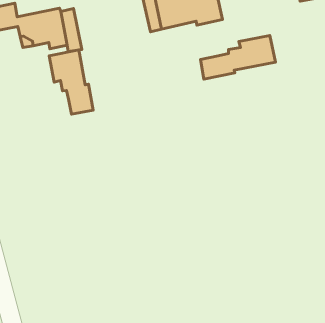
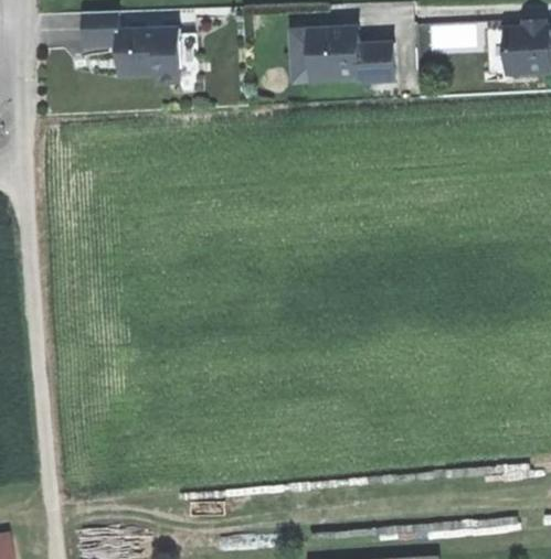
building: [200,35,275,79] -> none
building: [49,50,93,114] -> none

